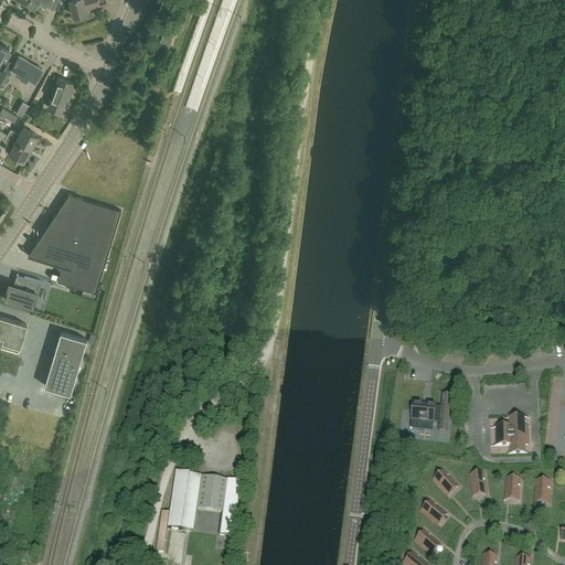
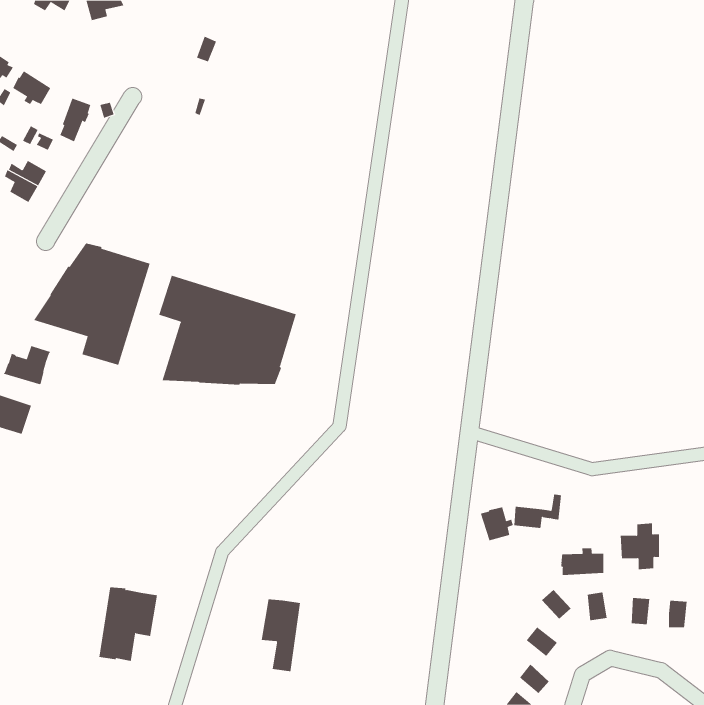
building: none -> [158,275,297,385]
building: [44,331,86,393] -> none
building: none -> [480,507,514,541]
building: none -> [561,548,604,576]
building: [167,472,214,532] -> [99,587,158,661]

